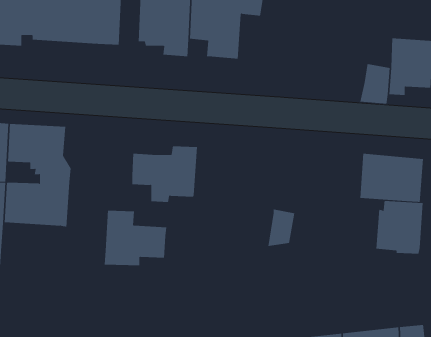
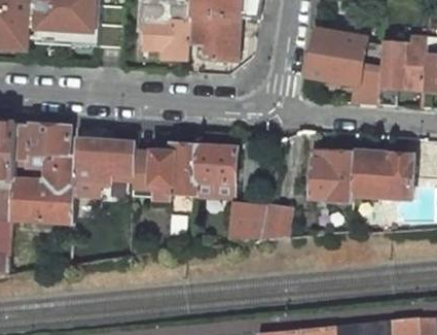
building: none -> [311,30,364,83]
building: none -> [193,145,235,194]
building: [375,201,424,254] -> [308,149,355,201]
building: [104,210,167,266] -> [74,127,135,180]
building: none -> [228,208,268,241]

